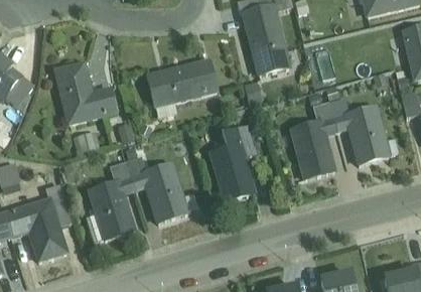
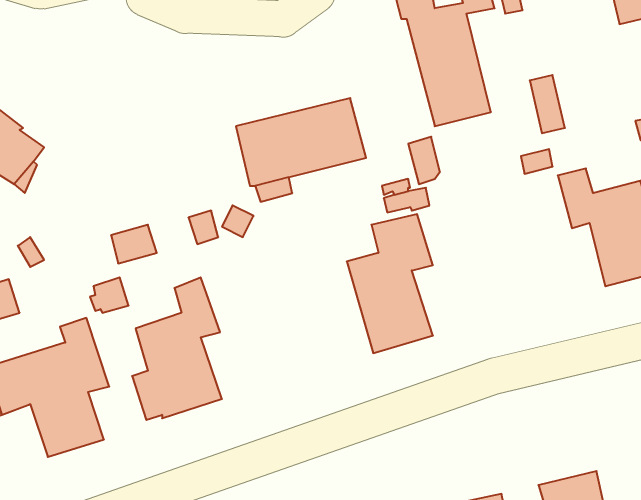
building: [52,60,118,126] -> none
building: [289,102,337,180] -> none
building: [125,156,198,224] -> none

